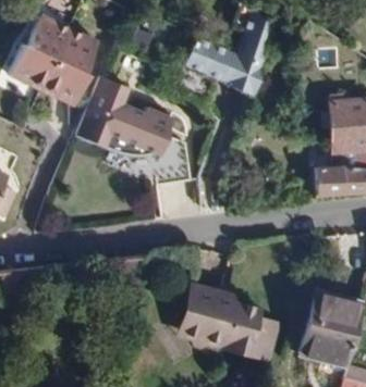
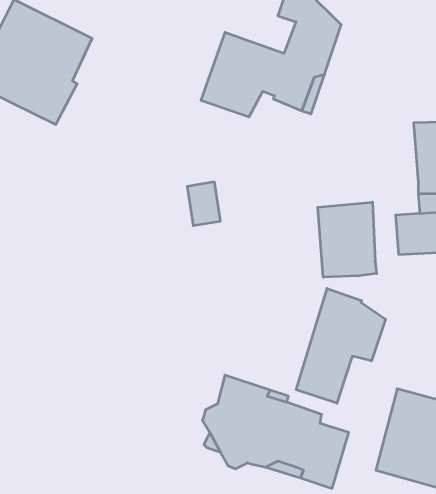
building: [69,72,171,153] -> none
building: none -> [318,202,377,277]
building: none -> [296,288,385,403]

